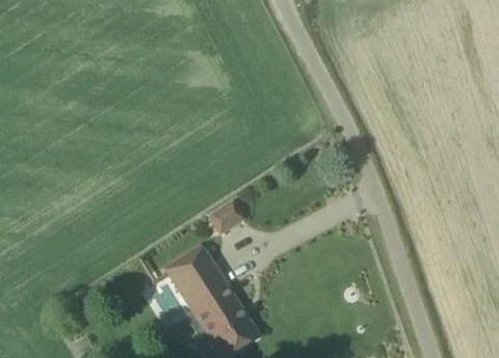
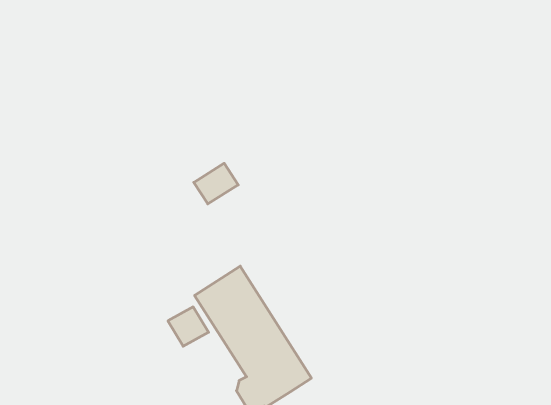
building: [210,199,246,232] -> [194,163,238,204]

